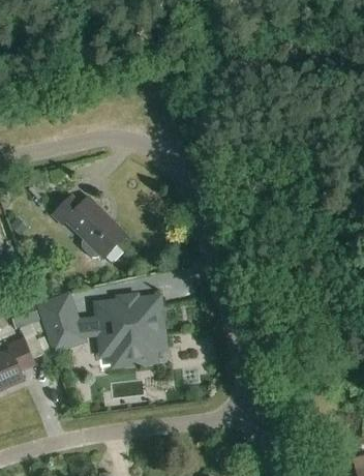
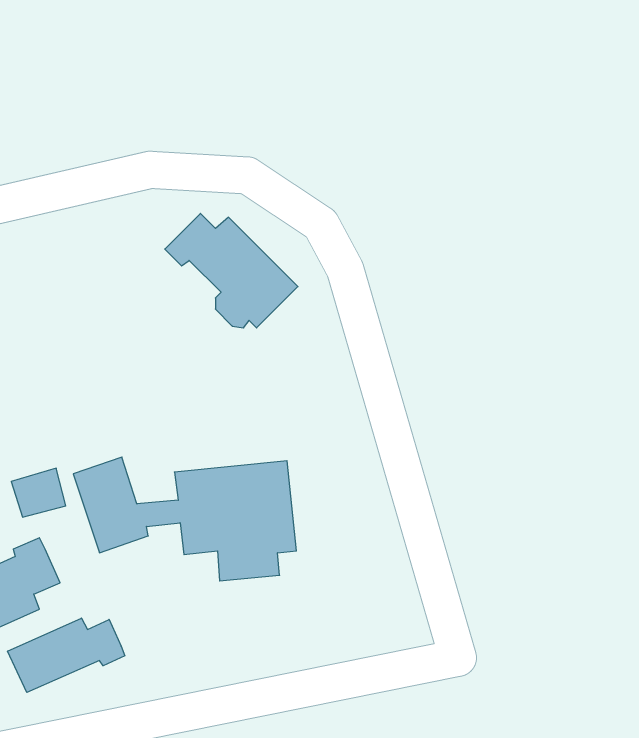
building: [53,194,126,257] -> [165,213,298,328]
building: none -> [8,618,125,692]

